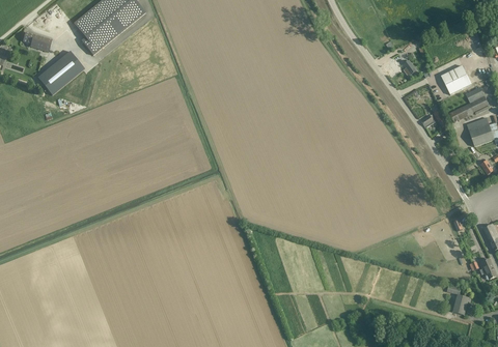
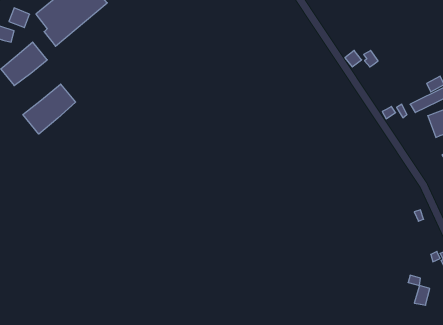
building: [440,64,471,94] -> none
building: none -> [23,84,76,134]

